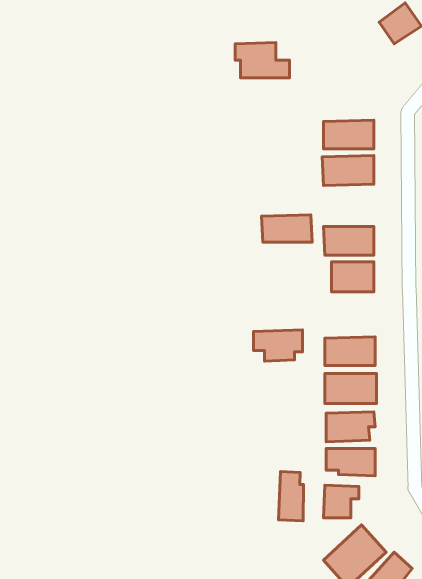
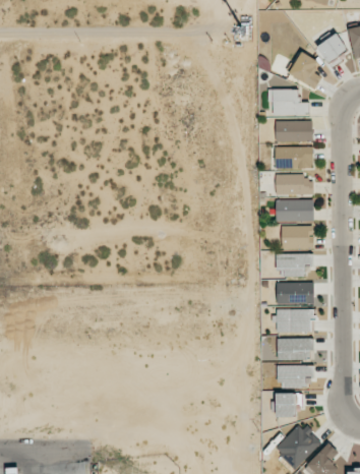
building: none -> [289,52,322,88]
building: [235,43,290,78] -> [268,88,309,115]
building: [262,215,312,242] -> [276,174,313,194]
building: [254,330,303,361] -> [277,253,313,277]
building: [278,472,303,521] -> none

